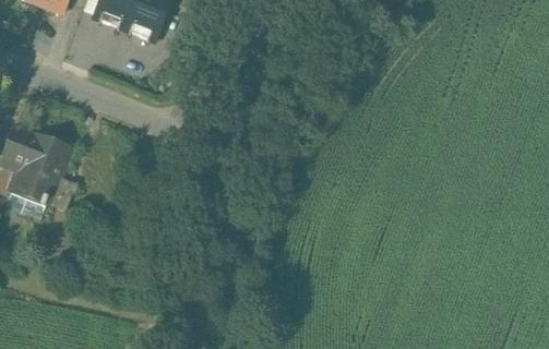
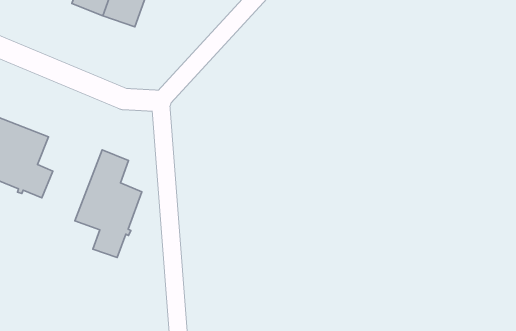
building: none -> [75,150,142,258]

